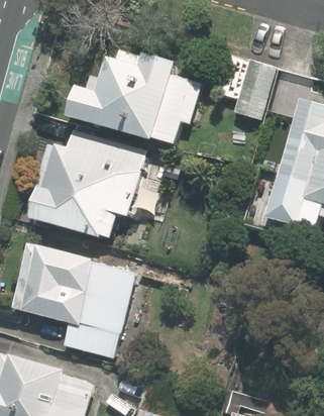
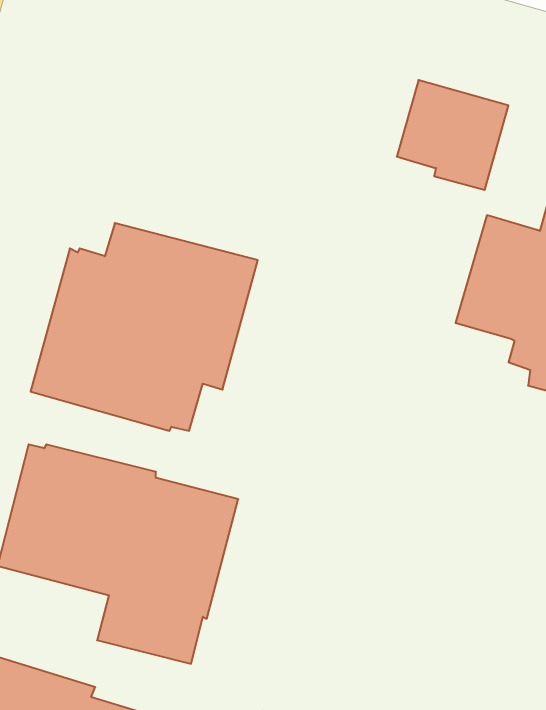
building: [67,48,200,144] -> none

